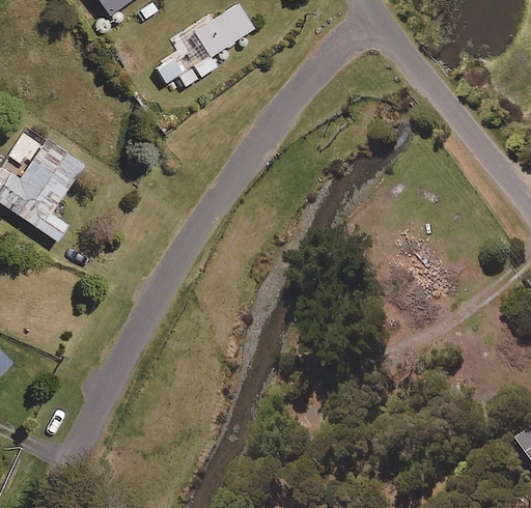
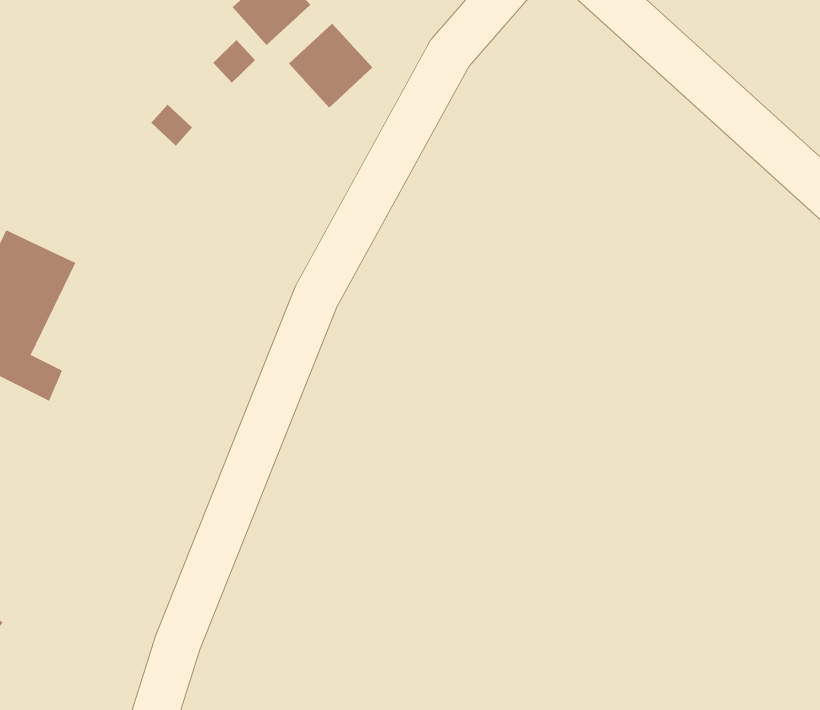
building: none -> [288,23,373,108]

